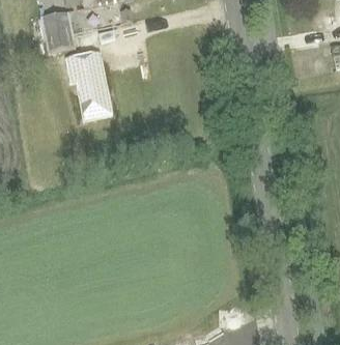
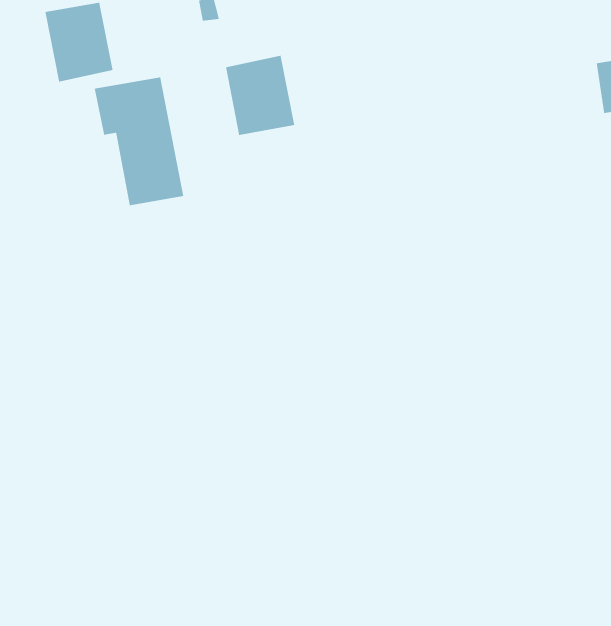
building: none -> [225,55,295,136]

